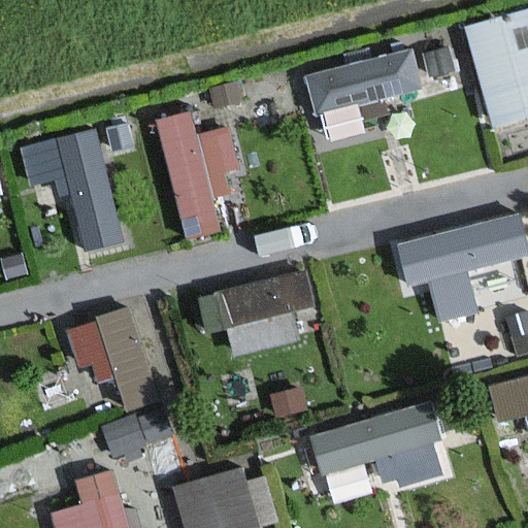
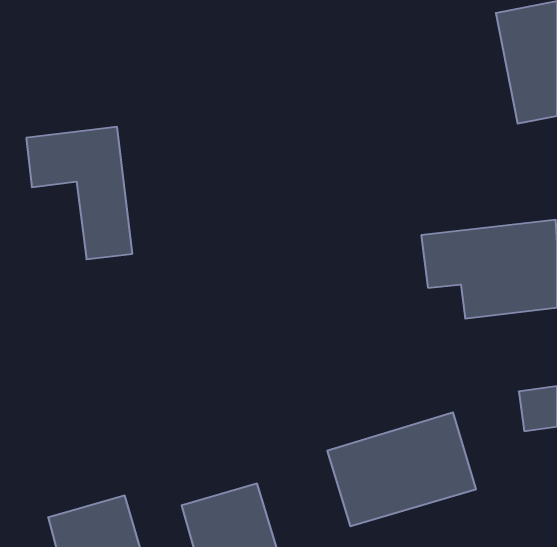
building: [306,55,421,109] -> none
building: [164,112,241,238] -> none
building: [219,273,314,355] -> none
building: [76,307,163,419] -> none

